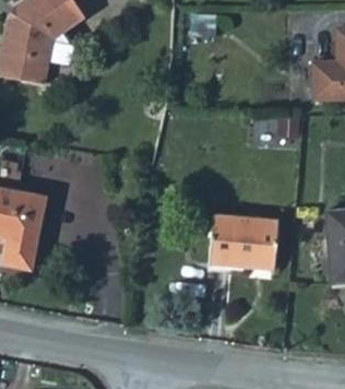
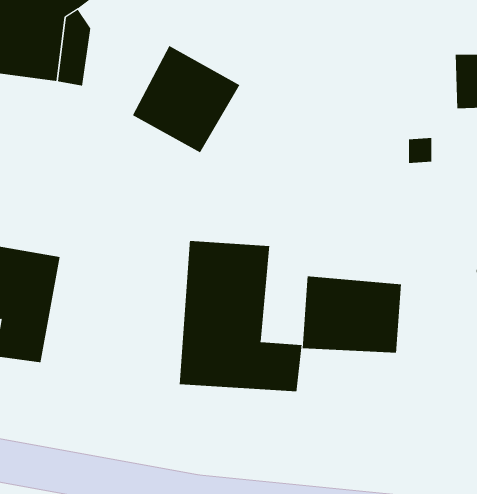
building: none -> [132,45,240,153]
building: none -> [179,240,302,392]

